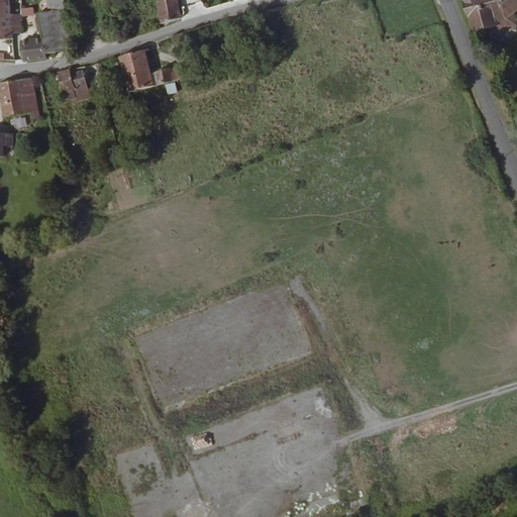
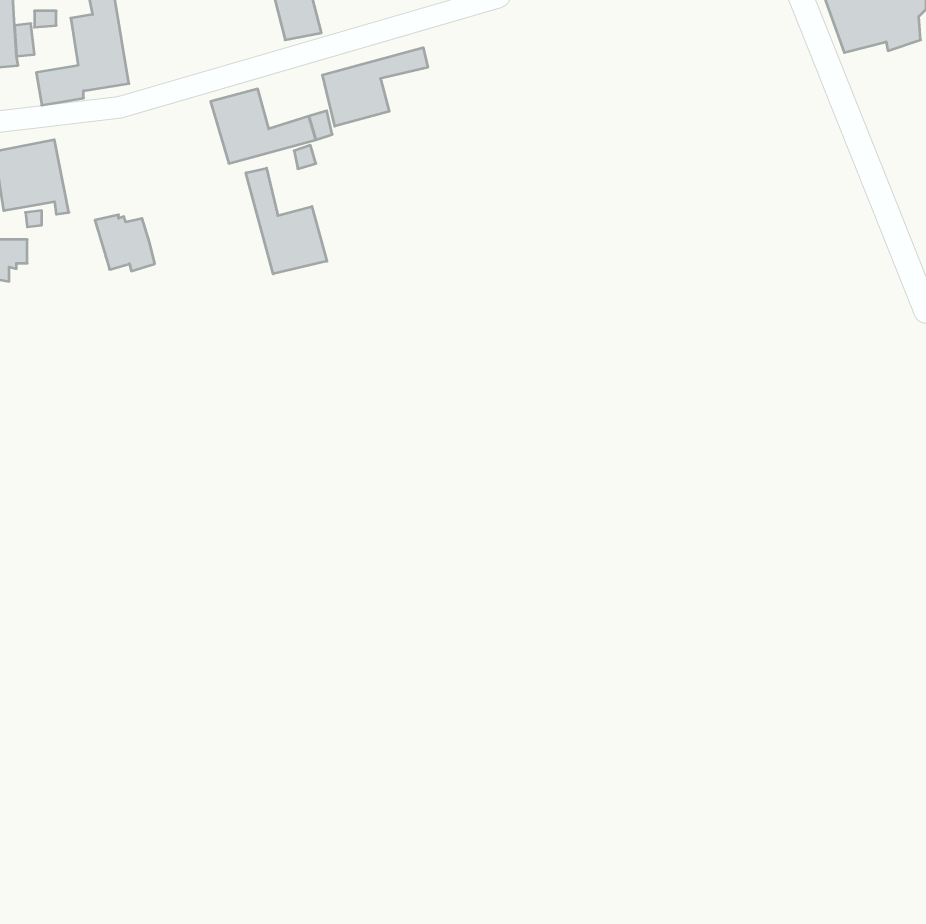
building: none -> [322,48,428,126]
building: [62,69,95,100] -> [95,215,155,271]
building: none -> [246,168,327,274]

